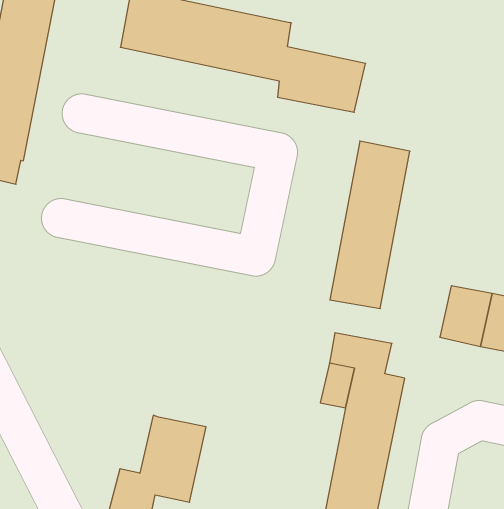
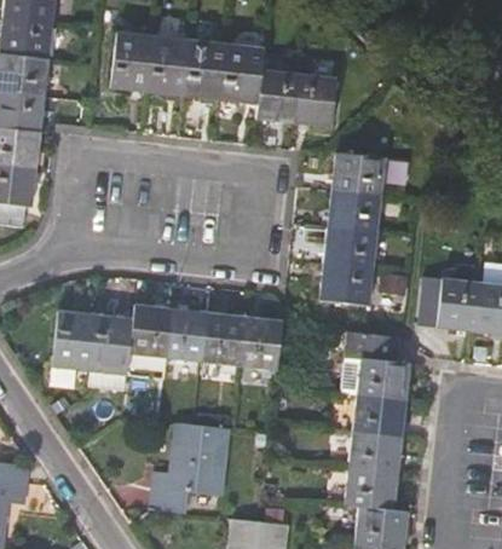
building: none -> [63,305,279,376]

